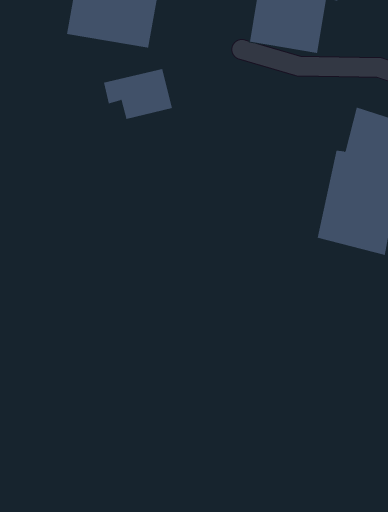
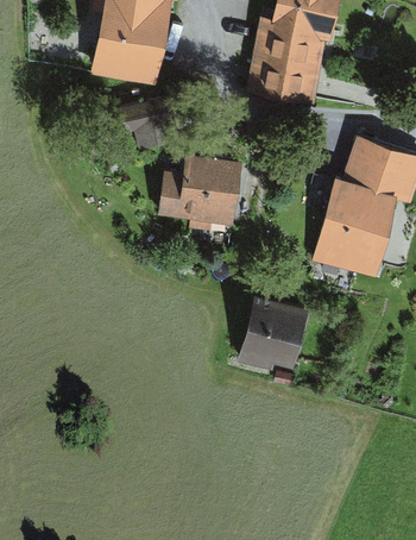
building: none -> [156,156,240,226]
building: none -> [238,299,307,370]

